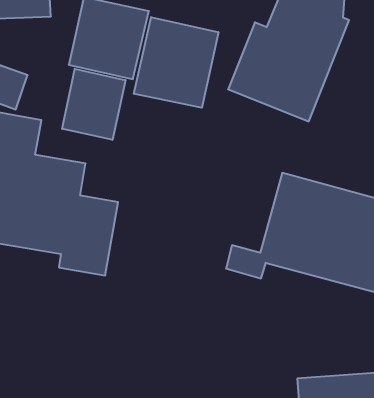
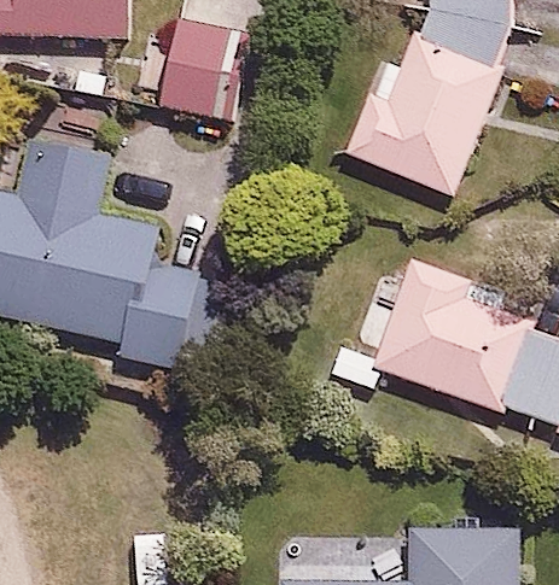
building: [134,17,218,108] -> none
building: [62,69,126,140] -> none

